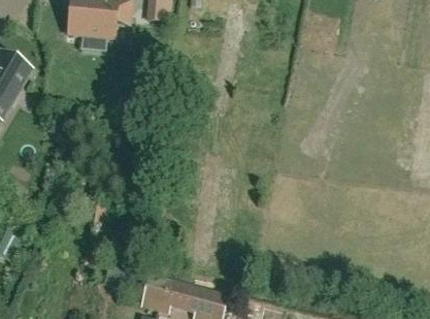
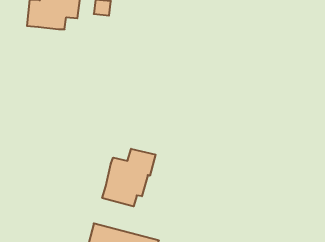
building: none -> [102,149,156,206]

